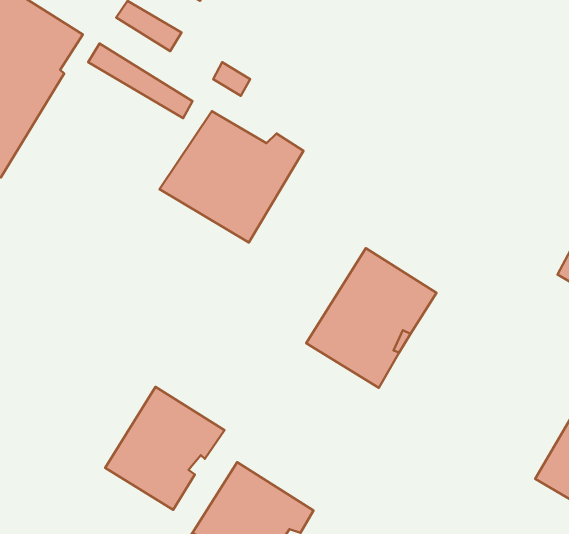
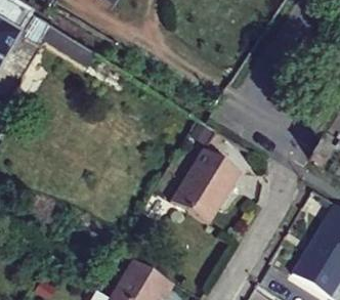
building: [160,111,304,242] -> none
building: [105,387,224,510] -> none

